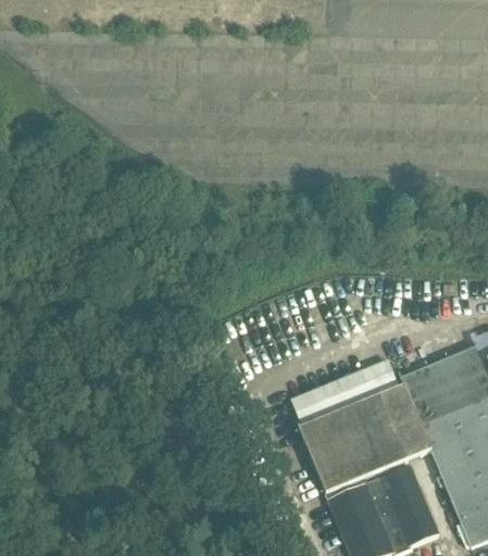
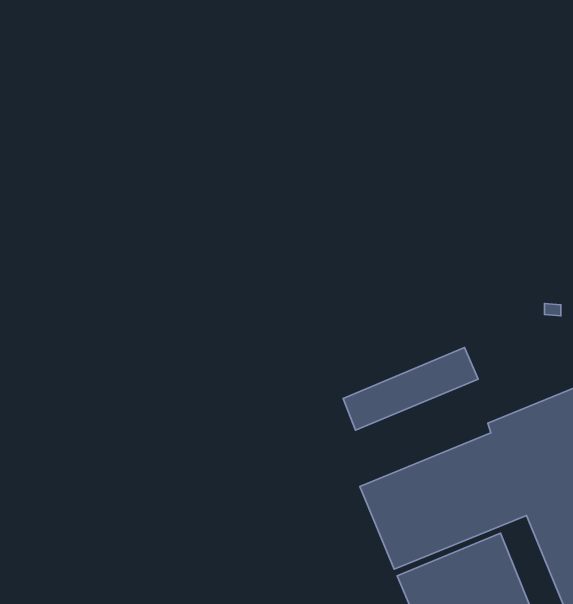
building: [292,359,399,425] -> [343,347,478,430]

